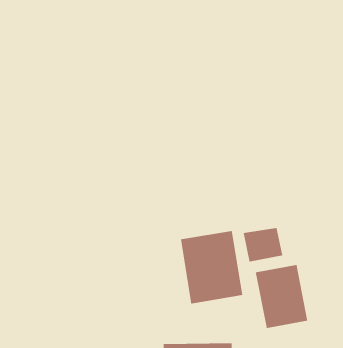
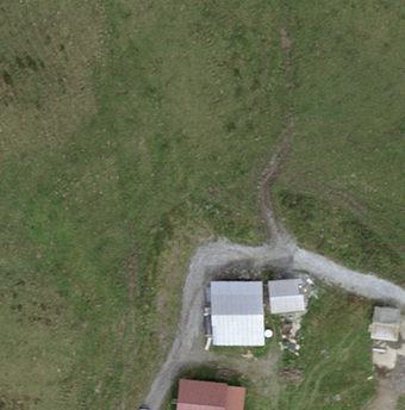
building: [255,264,308,329] -> none

